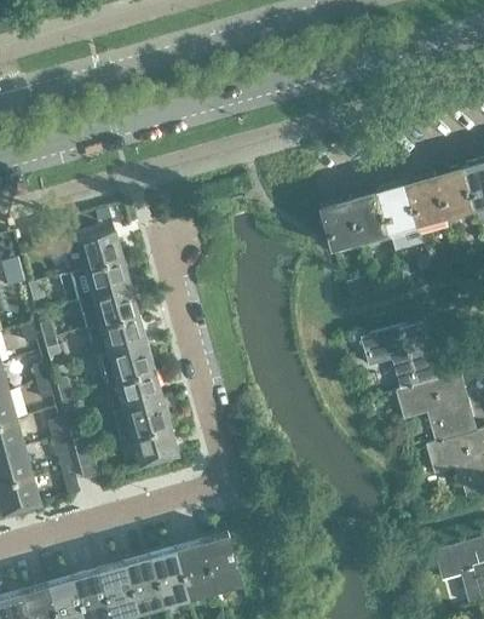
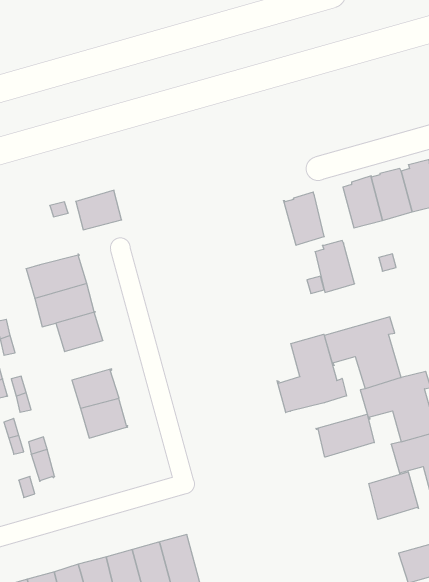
building: [352,191,391,242] -> [315,241,355,292]
building: [76,231,121,270] -> [76,190,122,230]
building: none -> [277,334,347,413]
building: [97,344,154,386] -> none
building: none -> [316,414,374,457]
building: [132,429,177,468] -> none
building: none -> [369,472,419,519]

